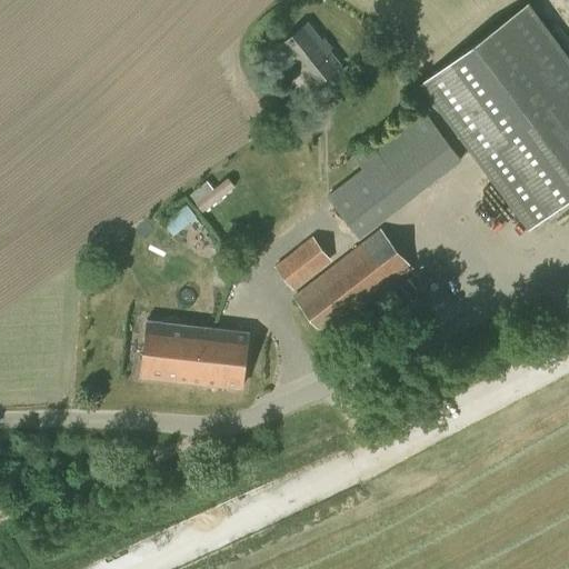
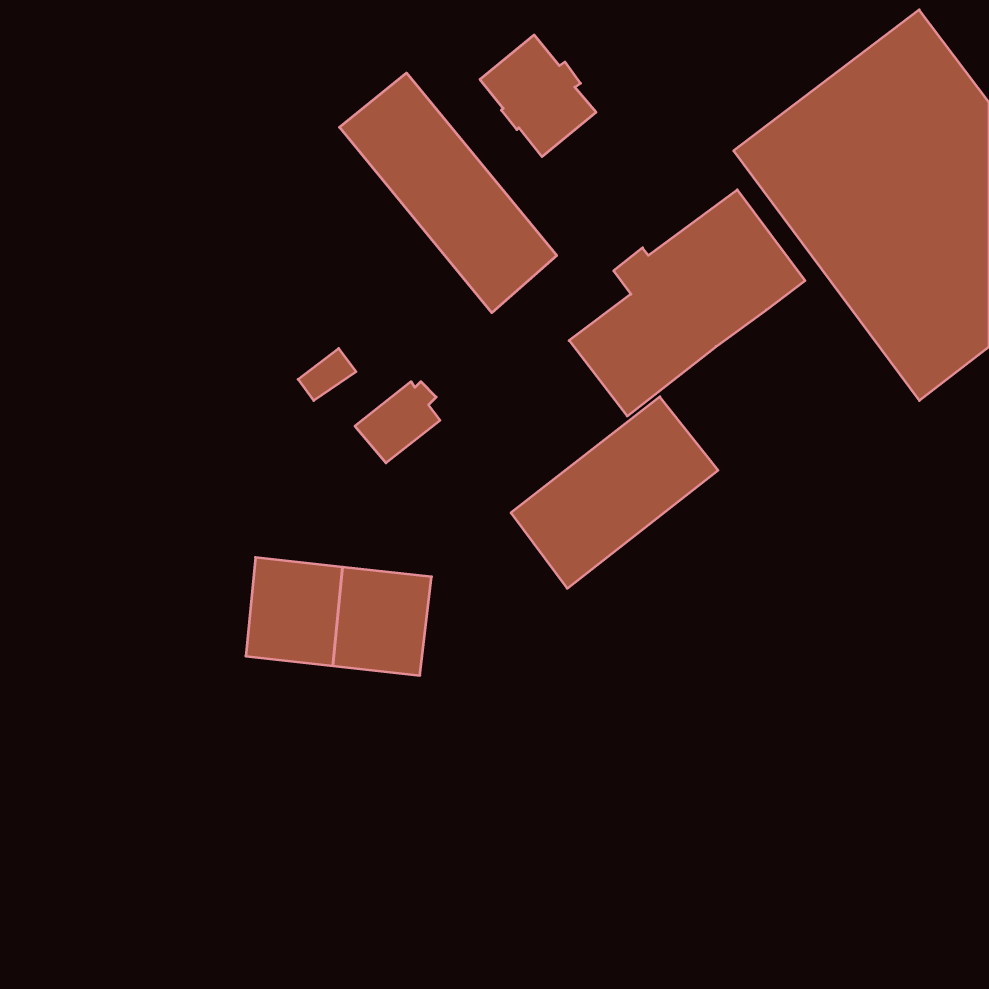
building: none -> [339,73,557,313]
building: [281,239,330,286] -> [355,382,440,463]

